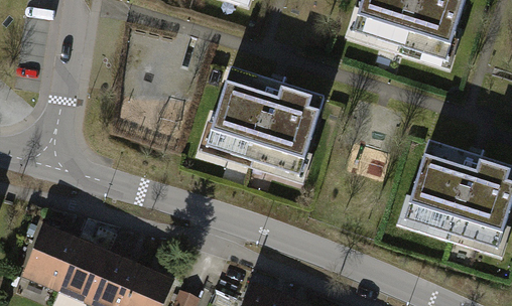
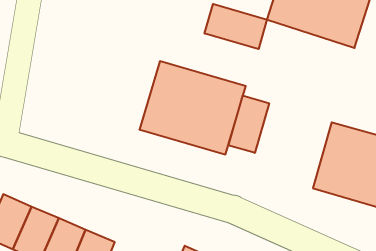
building: none -> [205,4,267,49]
building: none -> [229,96,269,153]

